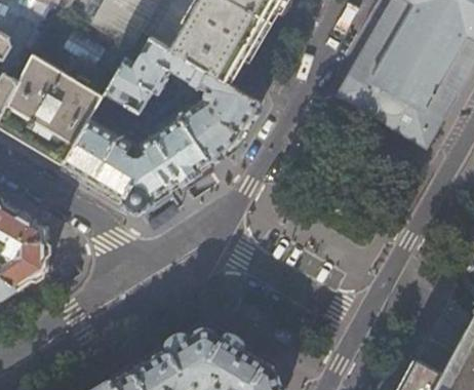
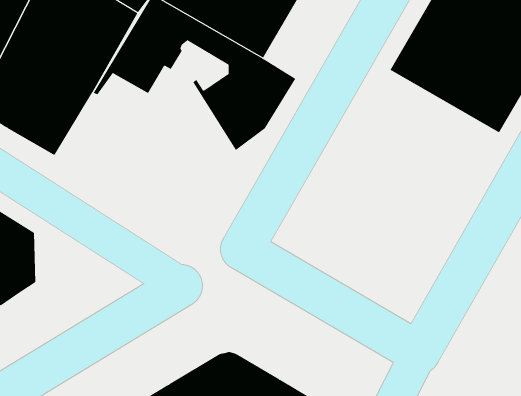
building: [64,111,210,210] -> none

